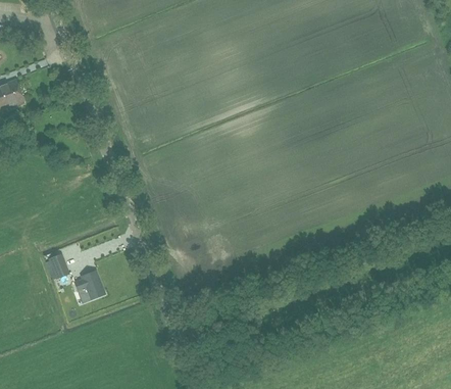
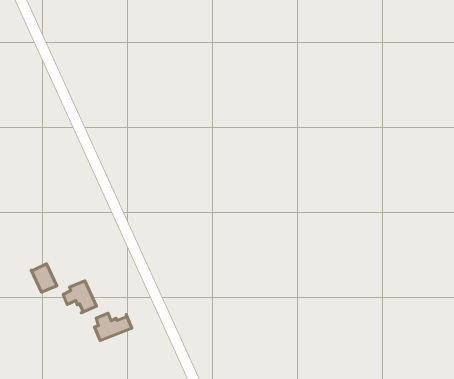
building: none -> [95,313,132,341]

